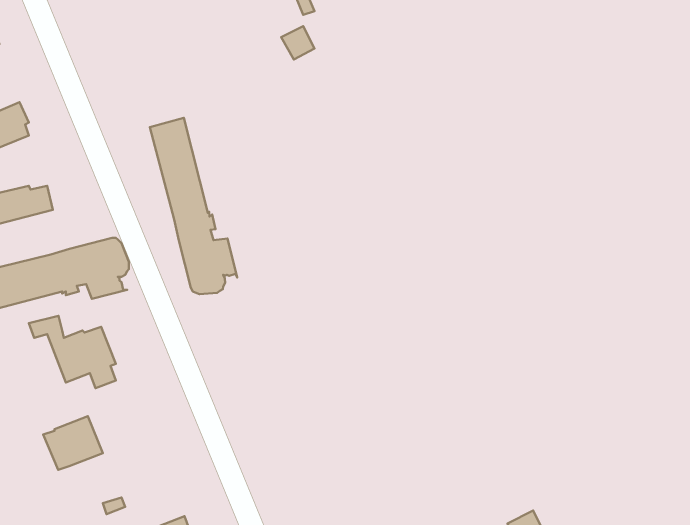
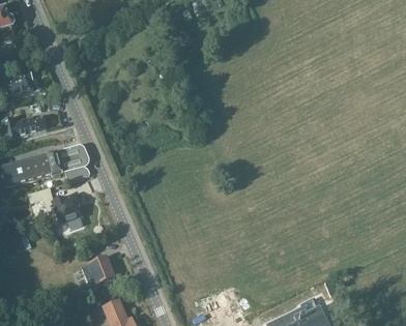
building: [150,118,237,294] -> none
building: [43,416,103,470] -> [82,256,115,286]

